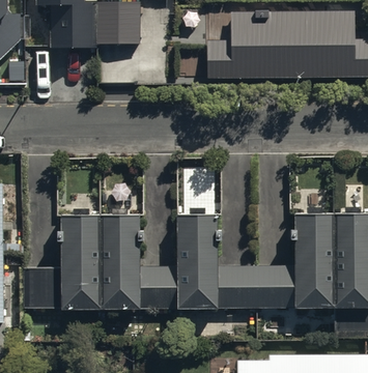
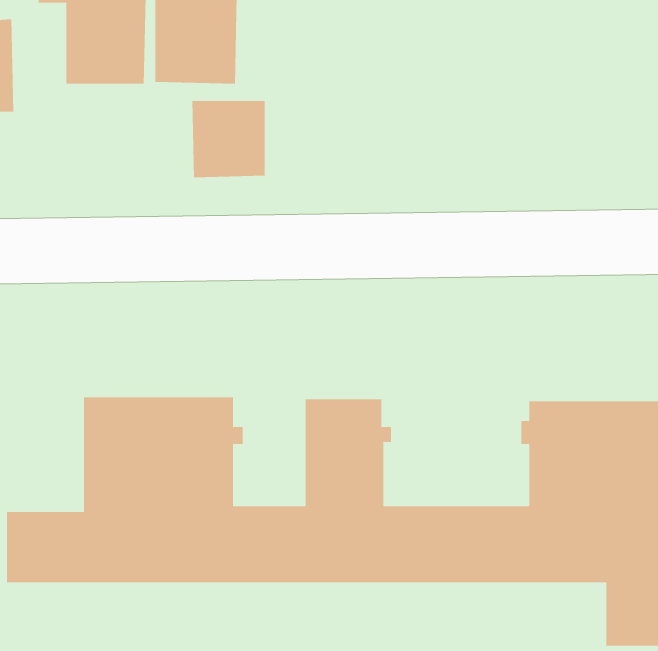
building: [232,23,349,88] -> none
building: none -> [192,100,265,178]

